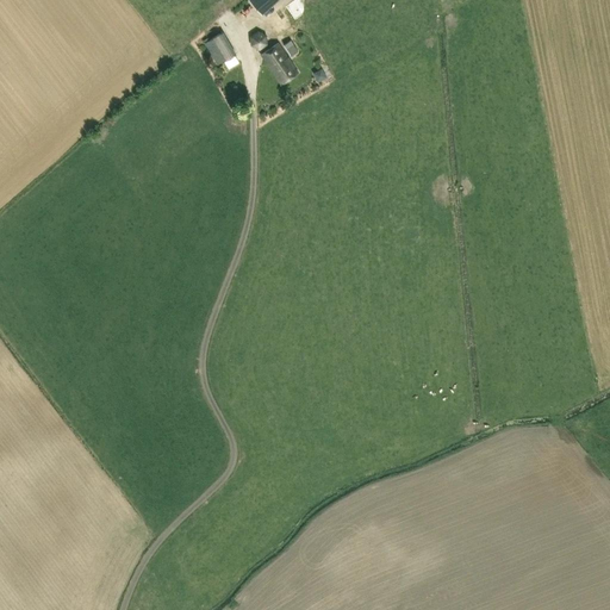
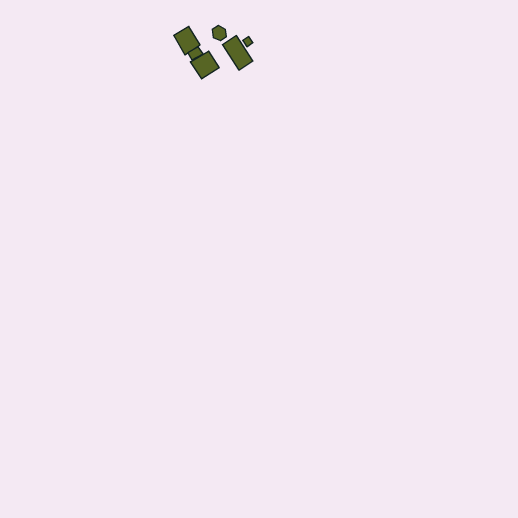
building: none -> [190,51,219,79]

